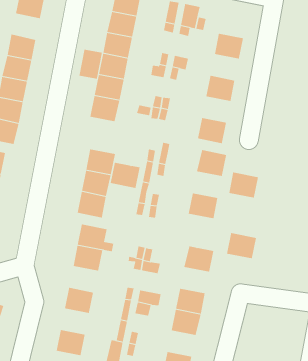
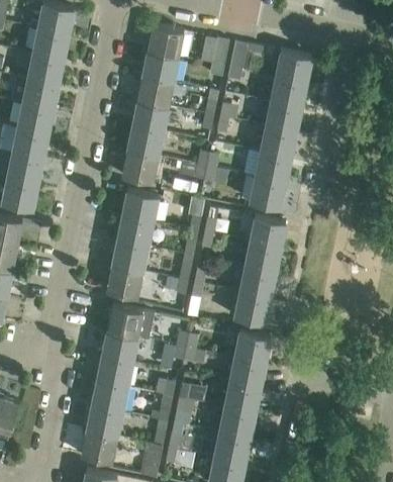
building: none -> [276,51,312,82]
building: none -> [28,53,64,84]
building: [79,49,102,80] -> none
building: none -> [266,101,301,132]
building: none -> [256,152,291,183]
building: [110,162,140,188] -> [122,189,159,220]
building: [228,172,259,198] -> [244,242,281,273]
building: [226,233,257,259] -> [234,292,271,323]
building: none -> [97,355,133,386]
building: none -> [229,356,266,387]
building: none -> [87,405,122,437]
building: none -> [214,431,250,463]

